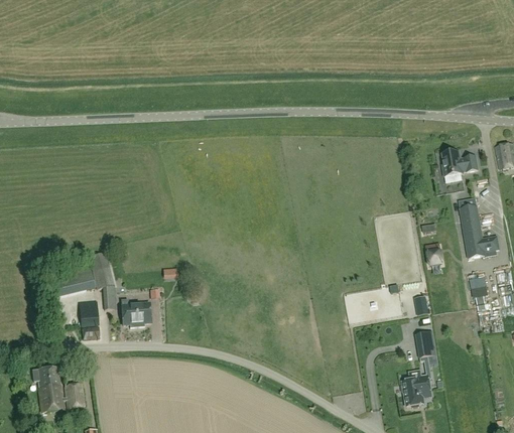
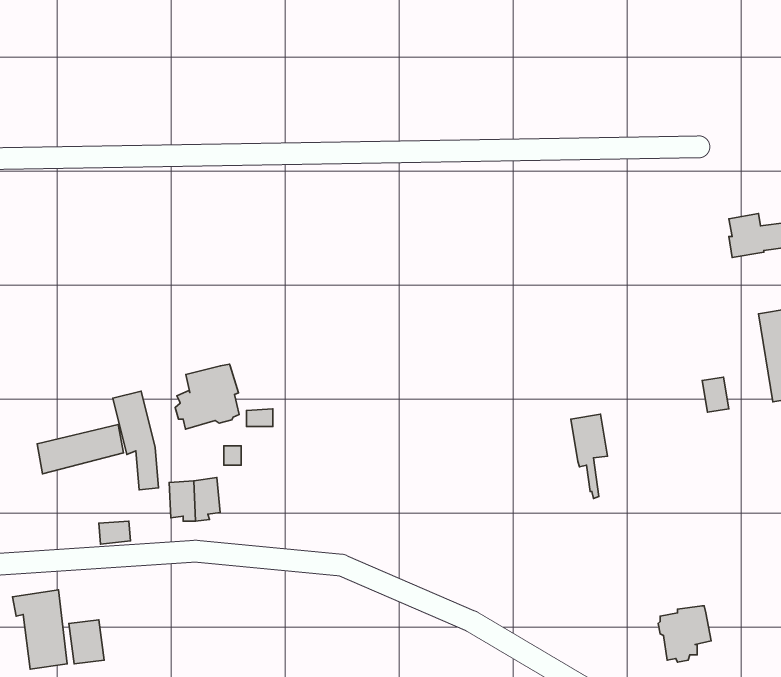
building: none -> [175,364,239,429]
building: [79,300,98,325] -> none
building: [415,330,436,379] -> [571,414,608,498]

